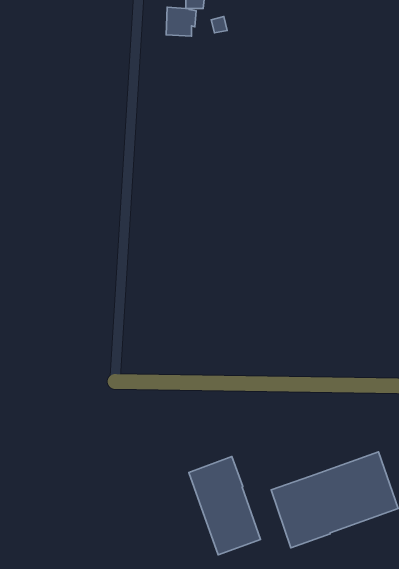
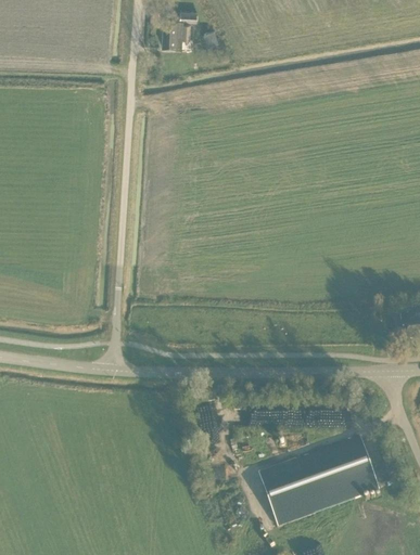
building: [189,456,261,555] -> none

